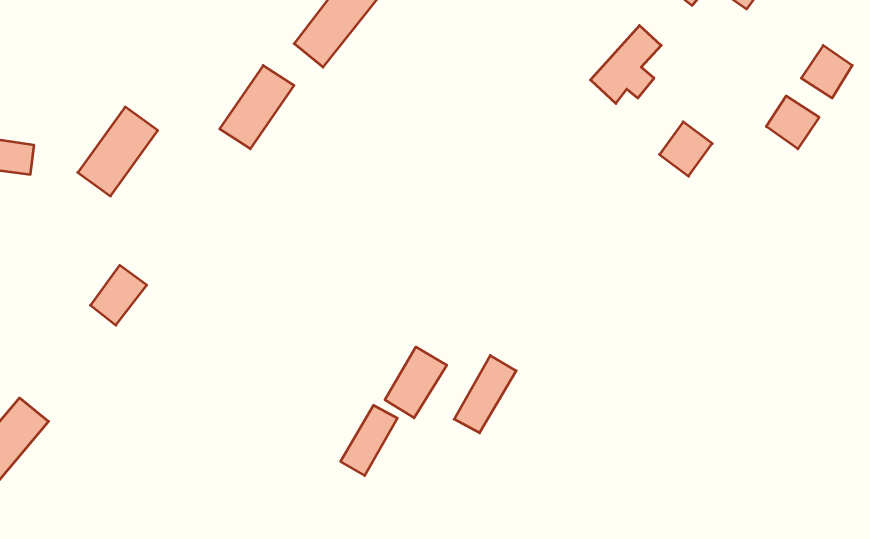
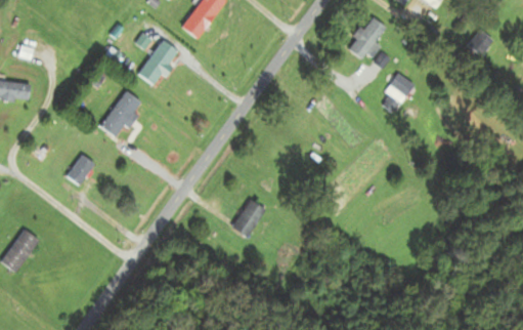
building: [766,96,819,149] -> none
building: [78,107,158,196] -> [99,89,144,139]
building: [454,355,516,433] -> none
building: [341,405,397,476] -> none

